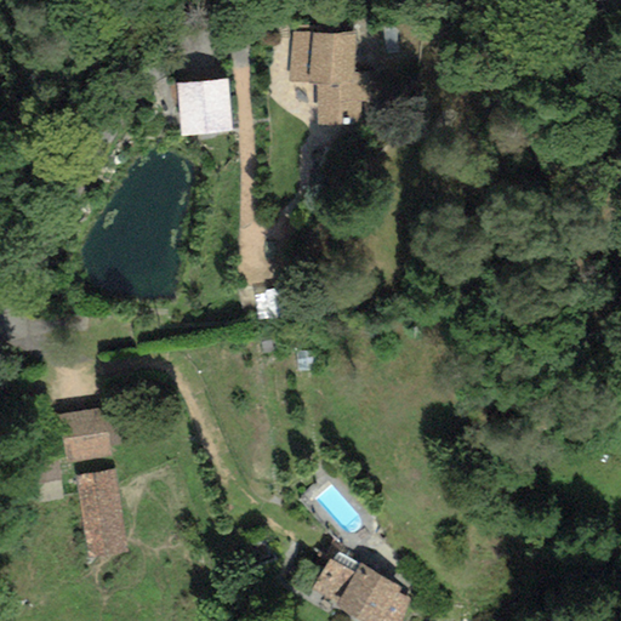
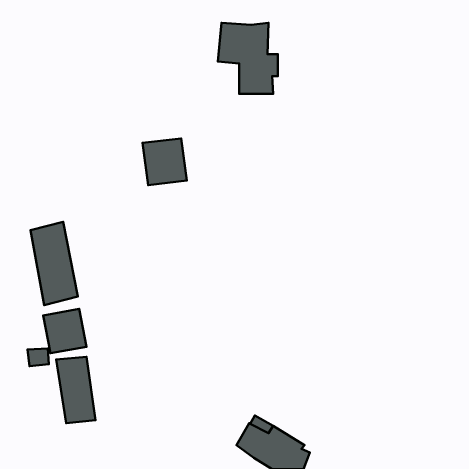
building: [176,75,234,137] -> [143,138,187,185]
building: none -> [30,222,78,305]

